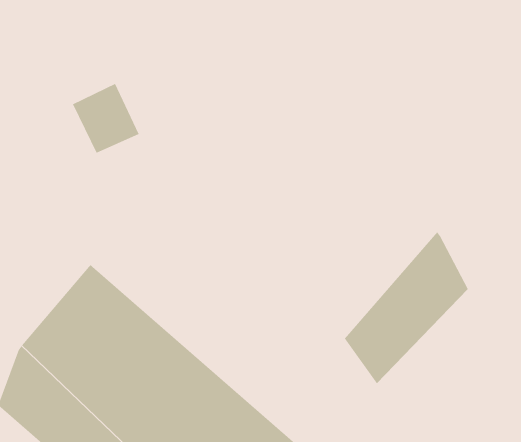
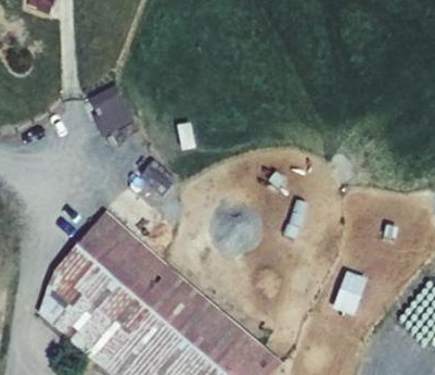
building: [344,232,468,384] -> none

